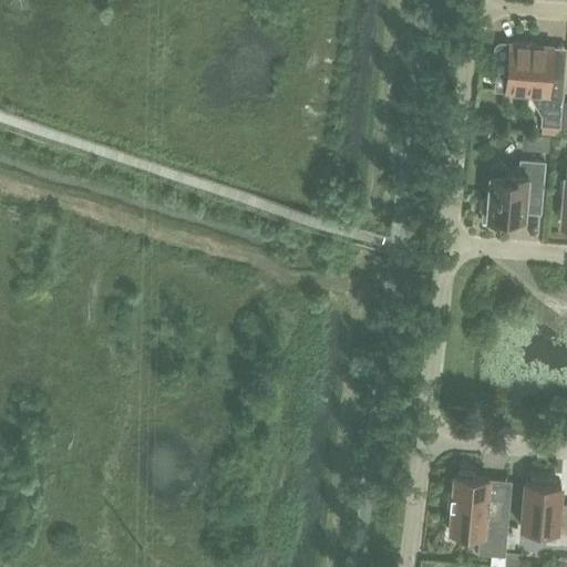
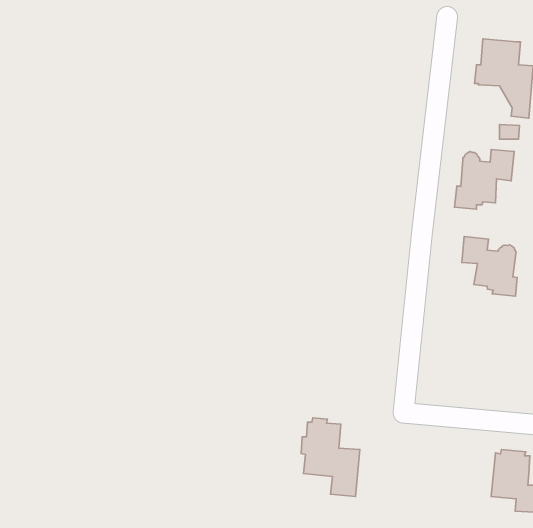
building: none -> [462,236,517,296]
building: [449,476,511,559] -> [301,418,360,496]

